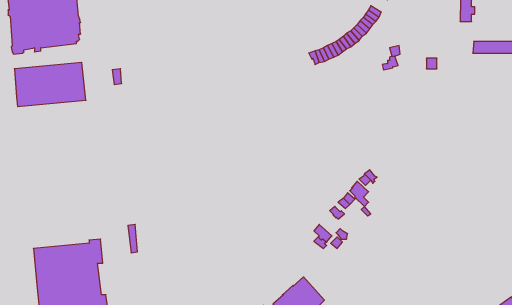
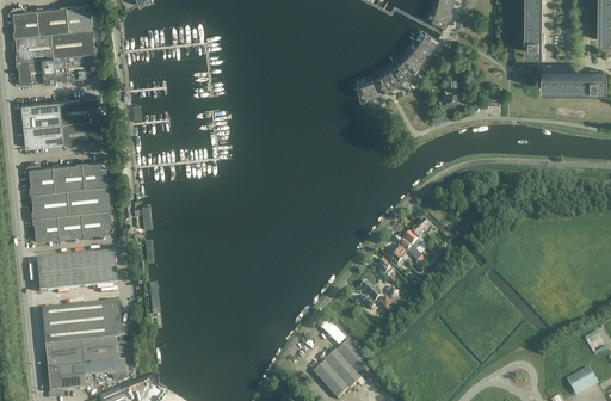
building: none -> [26,161,111,243]
building: none -> [36,252,117,291]

